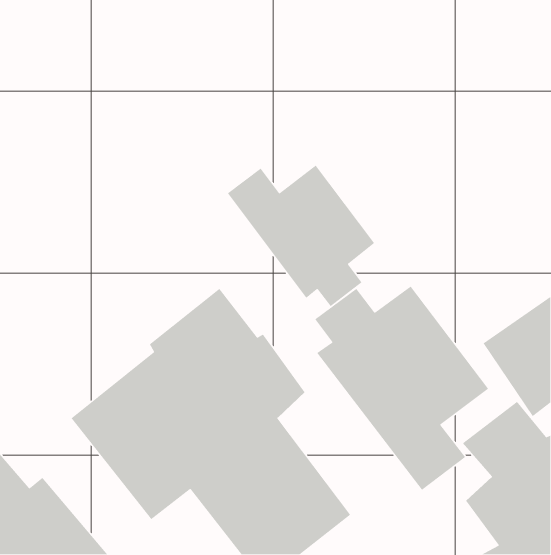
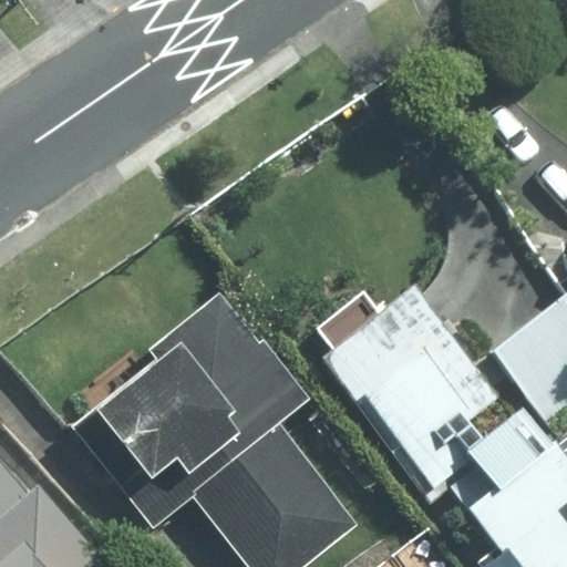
building: [227,165,375,307] -> none

